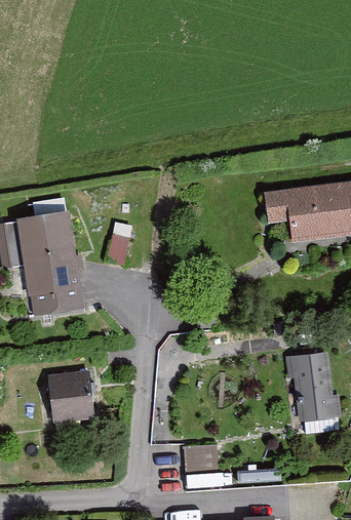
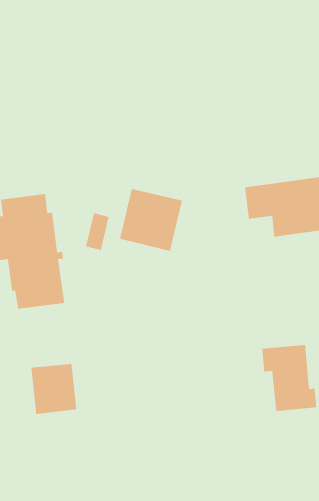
building: none -> [119,188,183,252]
building: [184,444,219,473] -> none

